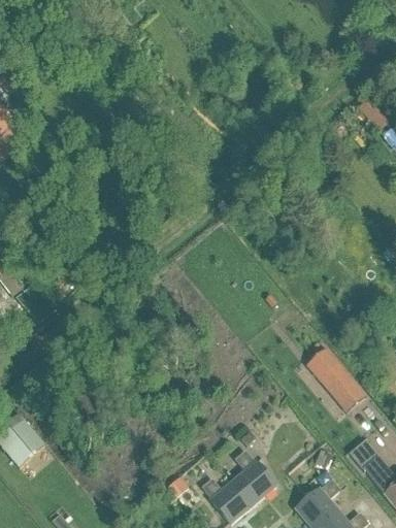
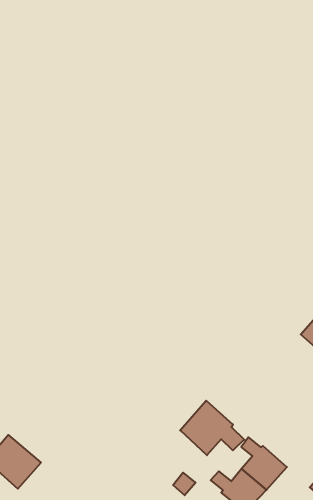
building: none -> [180,401,244,455]

